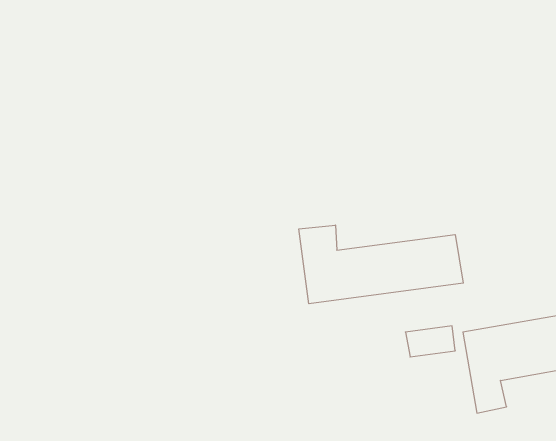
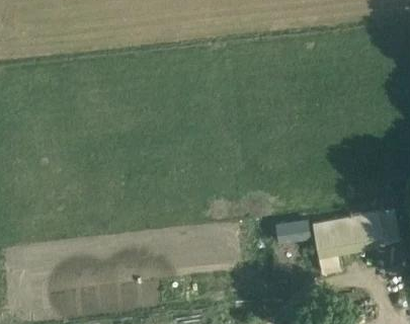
building: [299,225,463,304] -> none

